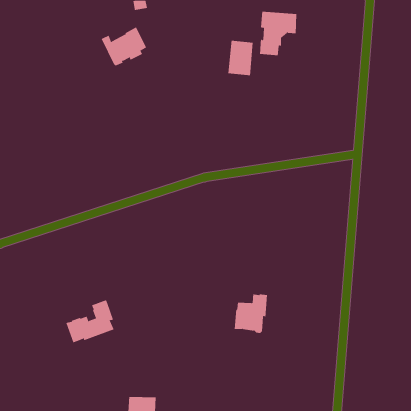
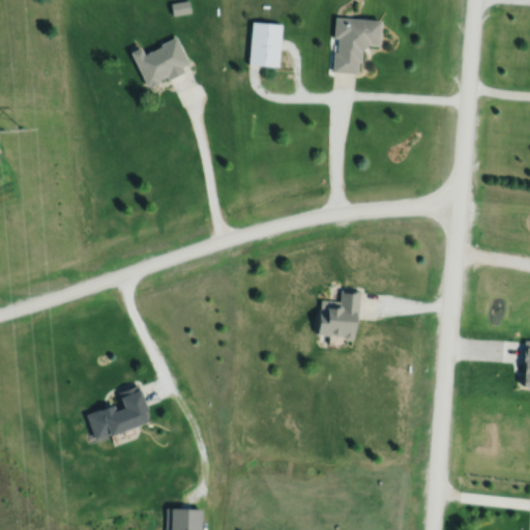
building: [228,40,253,76] -> [249,22,283,67]
building: [234,294,268,334] -> [319,291,362,342]

